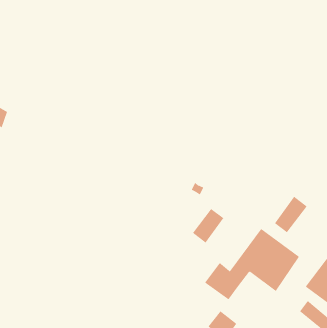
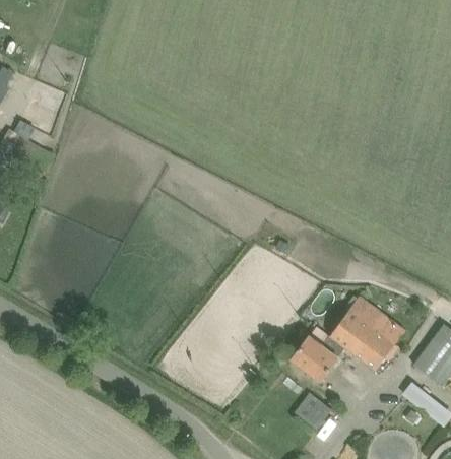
building: [274,196,308,233] -> none
building: [192,208,224,244] -> none

